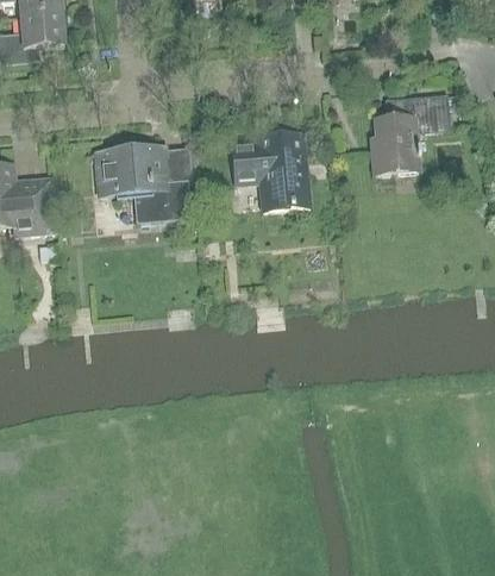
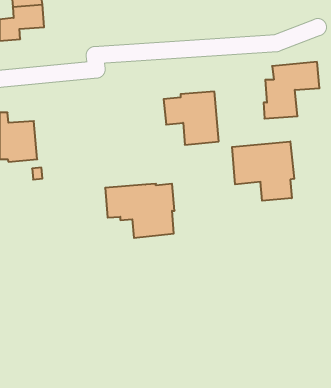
building: [93,146,190,223] -> [105,184,175,238]
building: none -> [232,141,294,201]

